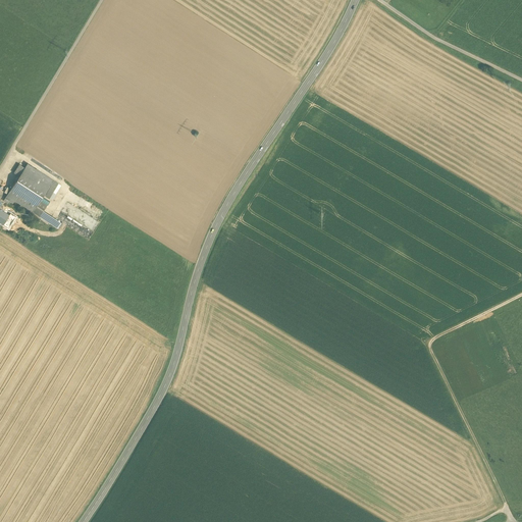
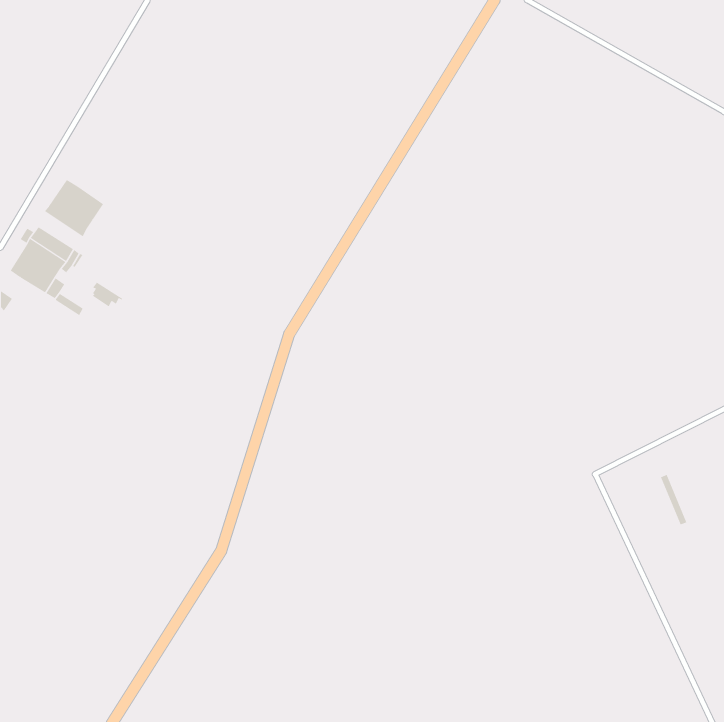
building: none -> [44,179,104,237]

